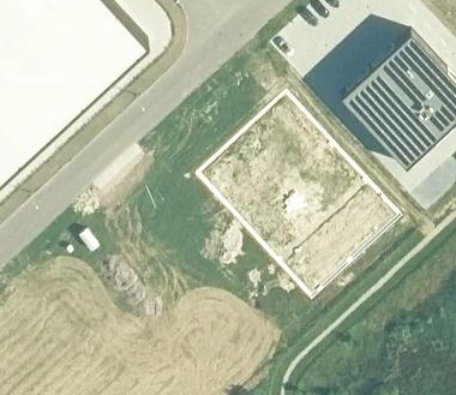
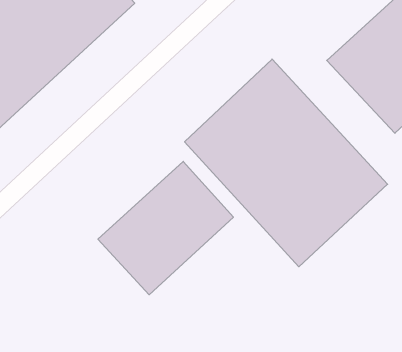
building: none -> [98,161,233,295]

